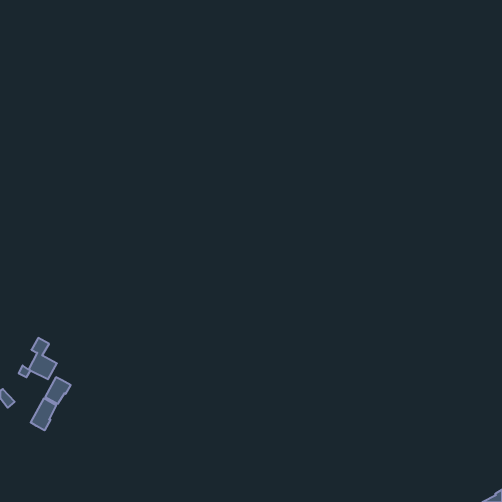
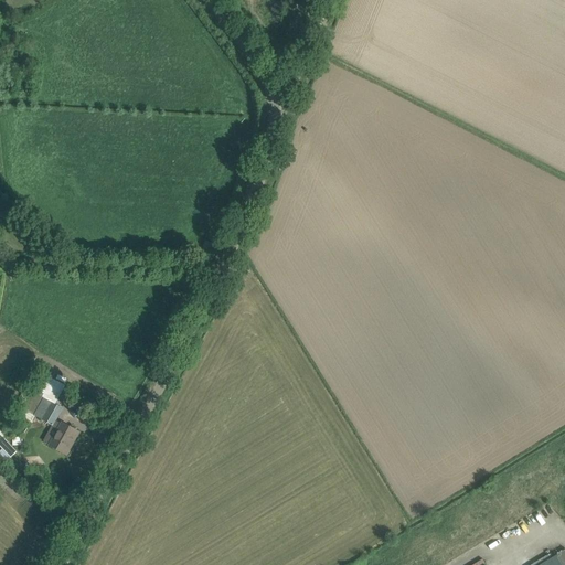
building: [31,398,56,430] -> none

